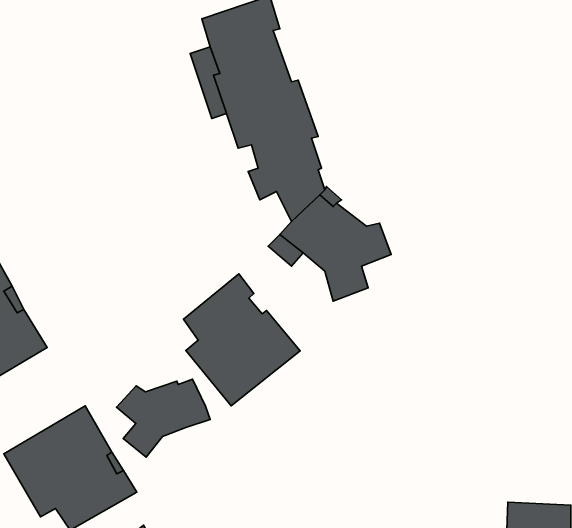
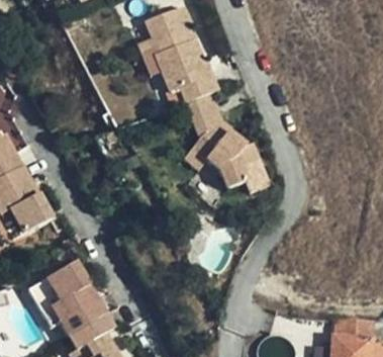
building: [183,274,300,406] -> none
building: [116,379,210,457] -> none

